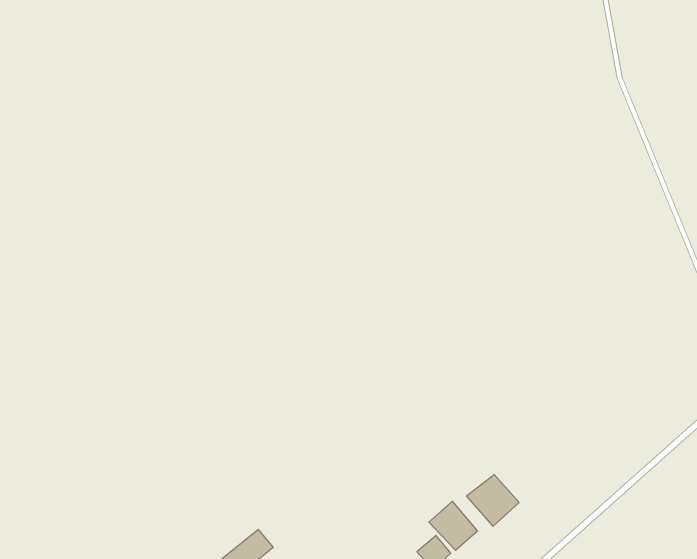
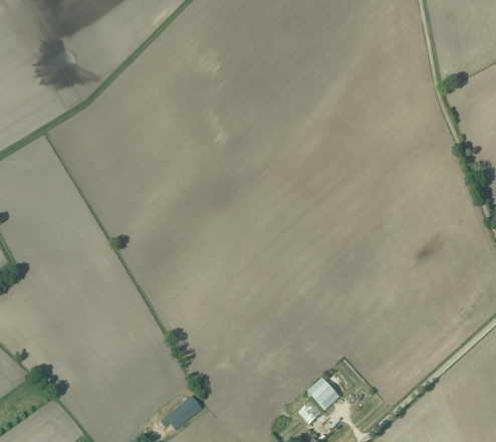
building: [467,474,519,526] -> none

